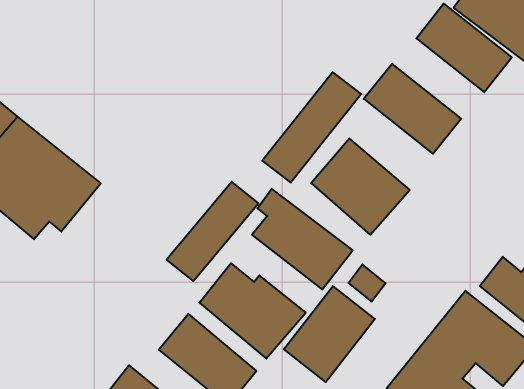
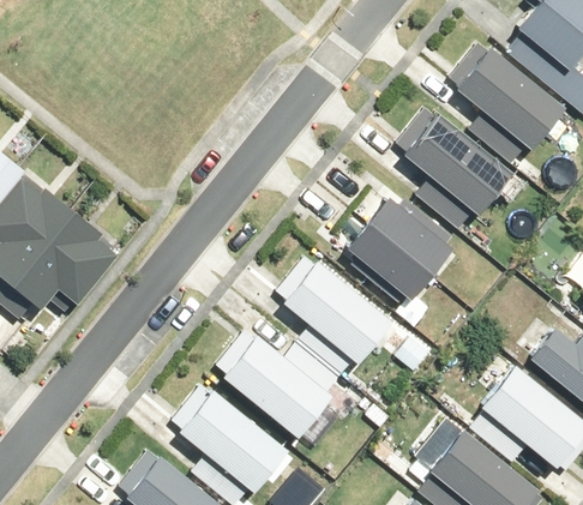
building: [262,72,361,183] -> none
building: [167,182,258,281] -> none
building: [284,286,375,382] -> none

